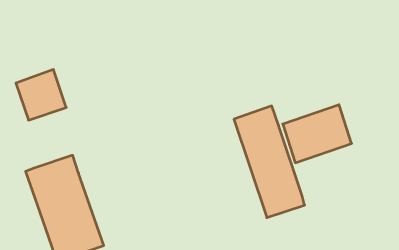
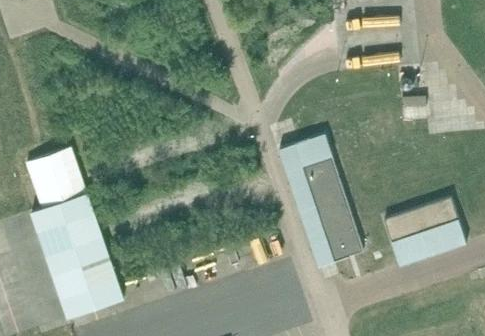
building: [16,70,66,120] -> [26,149,86,209]
building: [283,105,352,163] -> [384,198,466,267]

